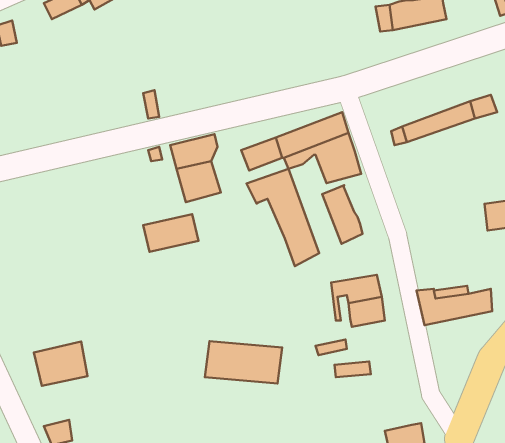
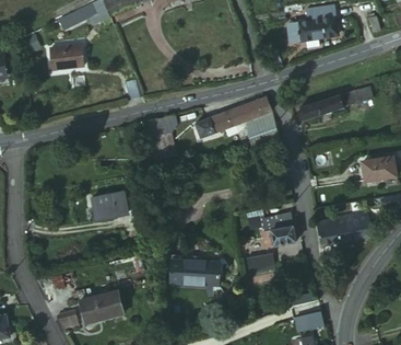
building: none -> [47,48,82,73]
building: [247,169,319,266] -> none
building: [322,185,363,244] -> none
building: [143,214,199,252] -> [90,192,128,218]
building: [34,342,88,386] -> [84,290,121,321]

